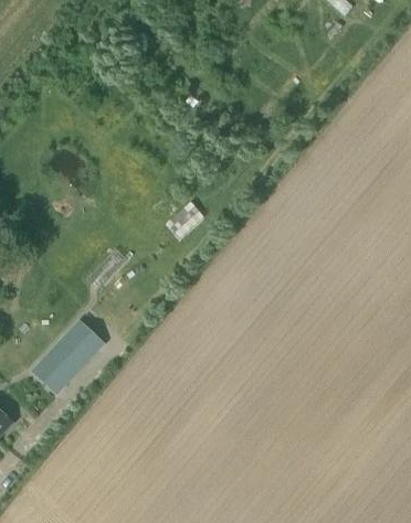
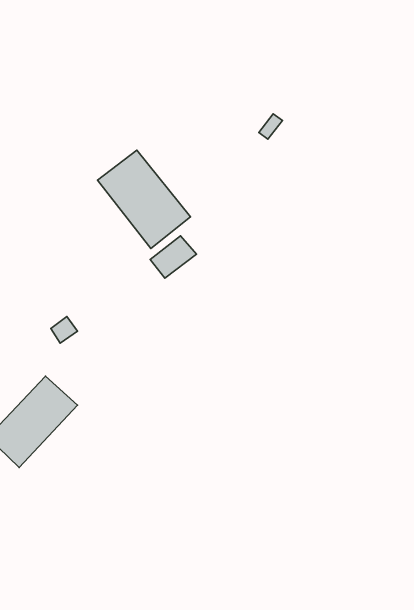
building: none -> [97,150,190,249]

